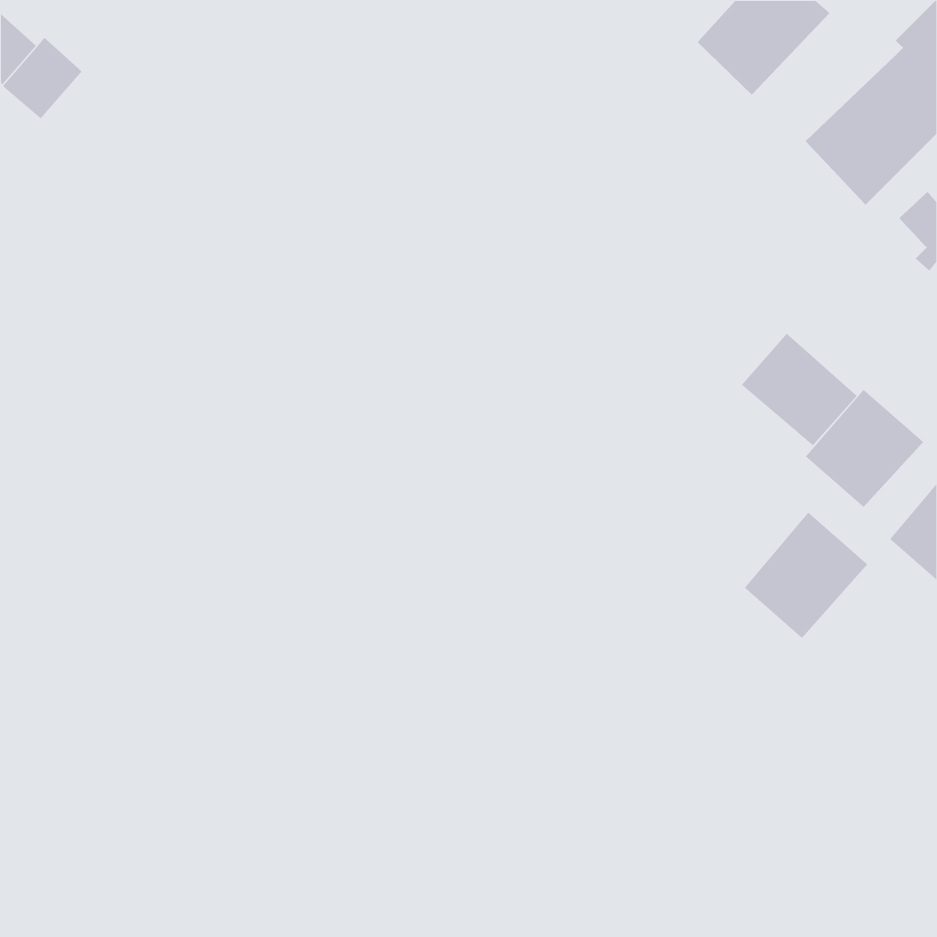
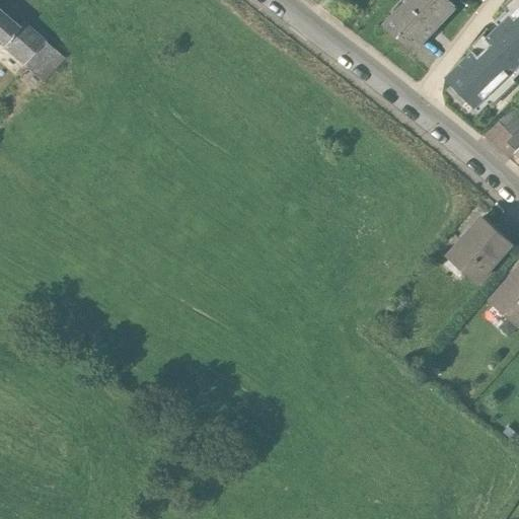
building: none -> [24,41,65,83]
building: [741,333,857,446] -> none
building: [744,512,868,639] -> none

